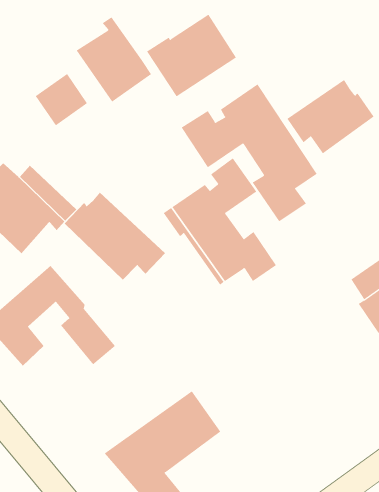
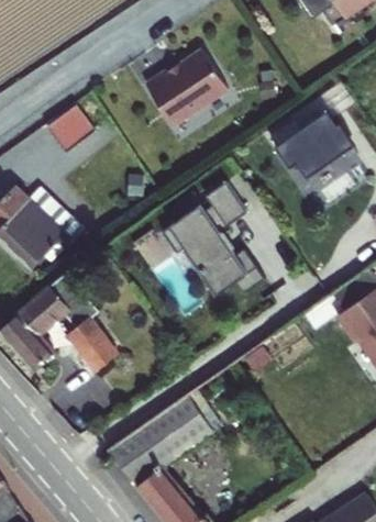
building: [76,17,152,102] -> none
building: [181,83,317,222] -> none
building: [64,192,166,281] -> none

